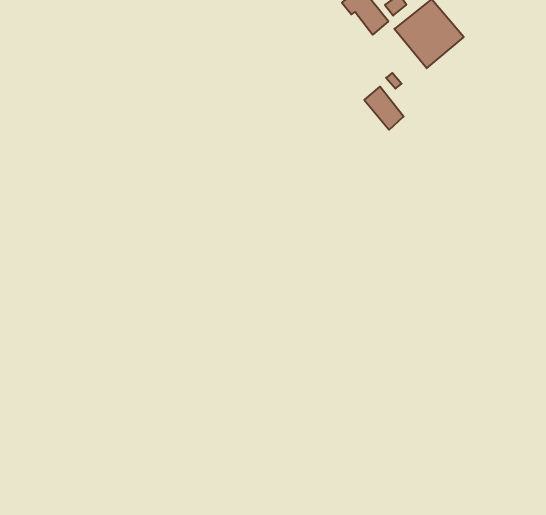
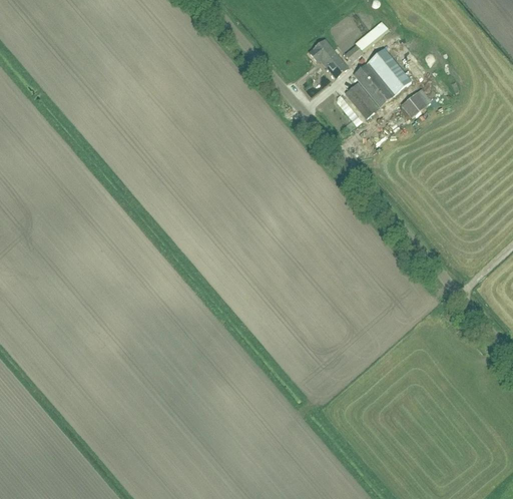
building: none -> [401,88,431,117]
building: [364,87,404,130] -> [345,82,378,118]

